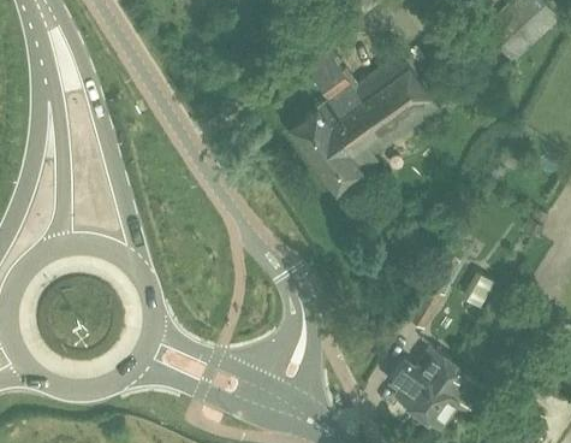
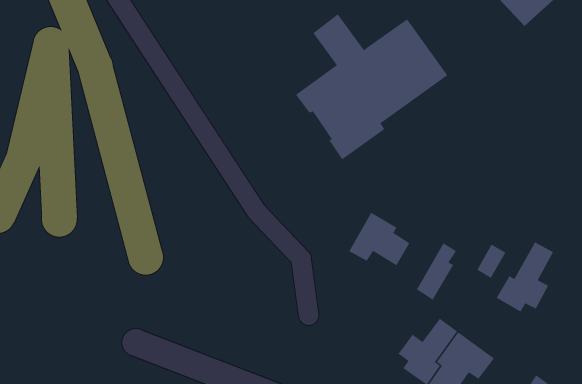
building: none -> [348,212,410,266]
building: none -> [496,241,554,313]

